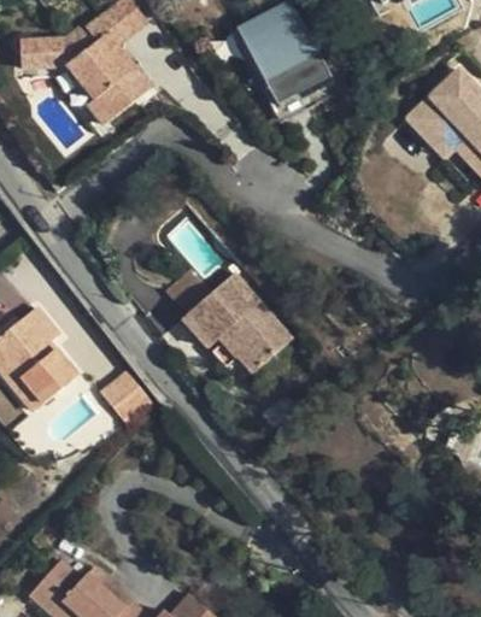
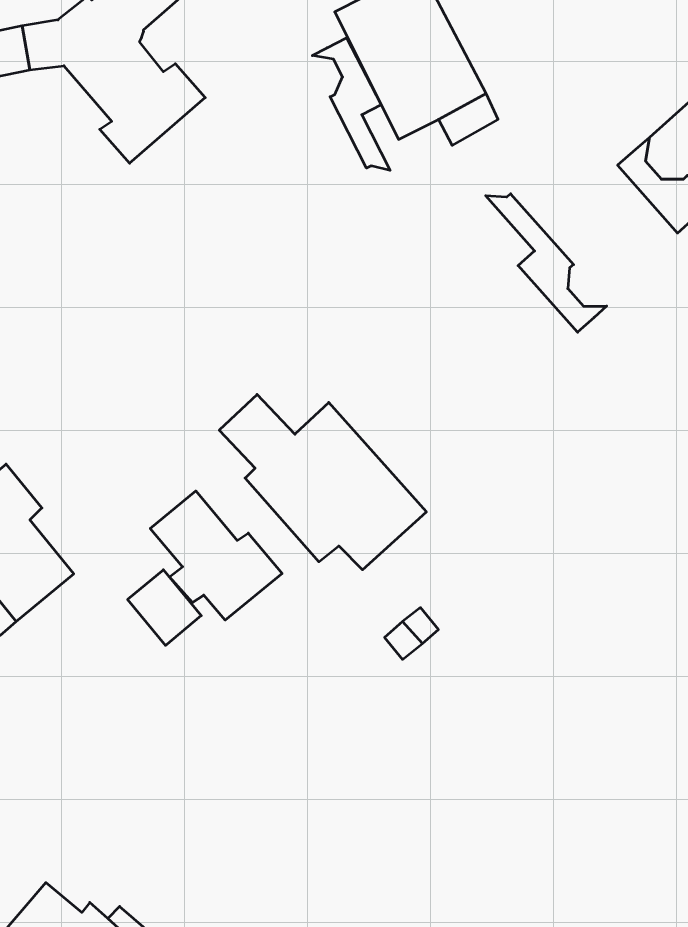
building: none -> [312,38,390,170]
building: none -> [486,194,607,332]
building: none -> [150,491,282,620]

